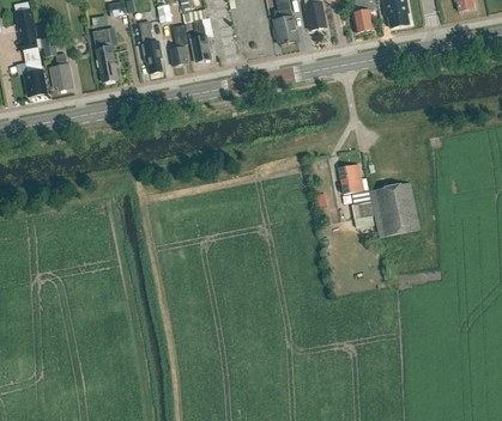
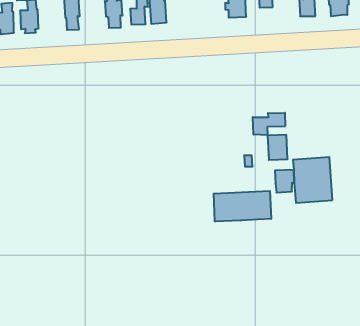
building: none -> [253,113,285,135]
building: none -> [214,191,271,222]

